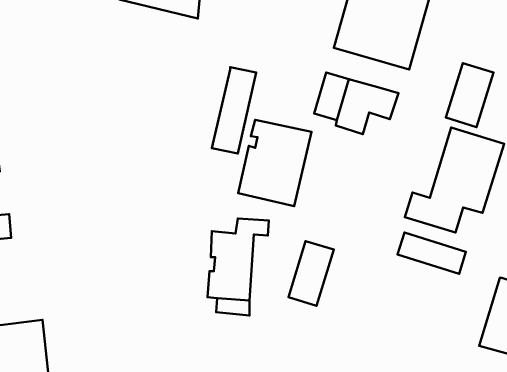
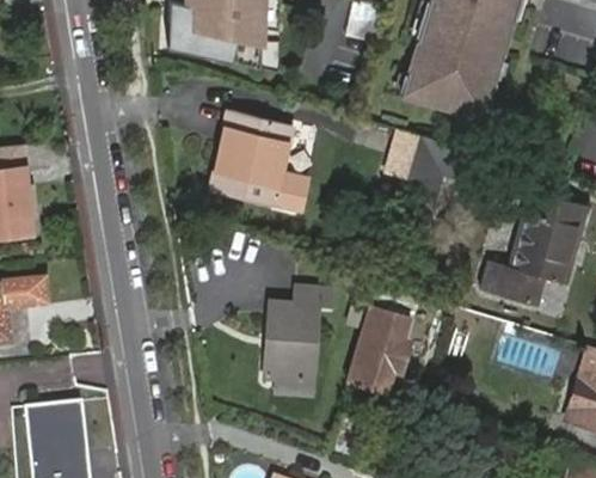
building: [446,63,493,127] -> none
building: [238,120,311,206] -> [207,109,288,204]
building: [398,233,466,274] -> none

